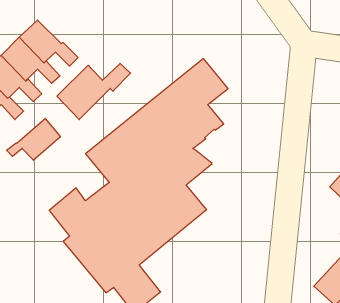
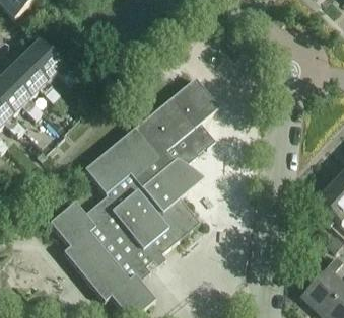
building: [57,63,131,120] -> none
building: [7,119,60,160] -> none

